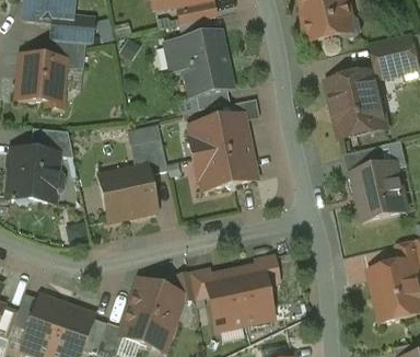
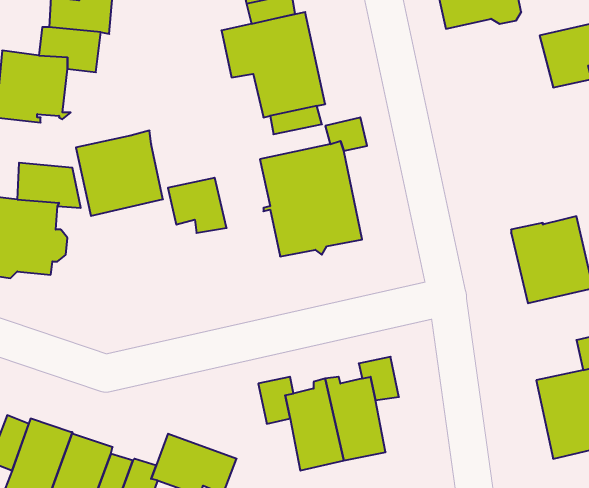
building: [327,70,386,135] -> none
building: [345,145,387,173] -> none
building: [98,164,155,220] -> [76,131,163,216]
building: [129,278,182,321] -> none

